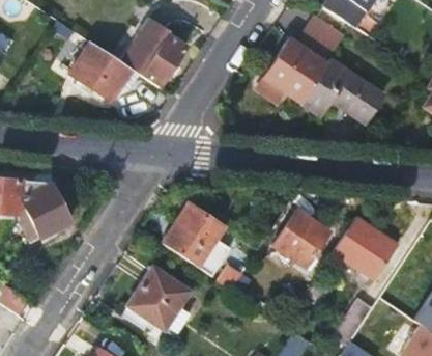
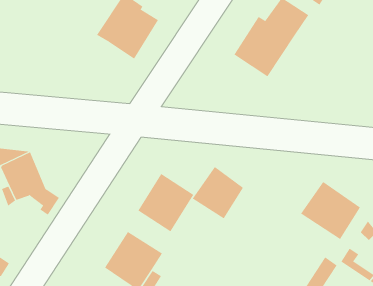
building: [69,39,133,99] -> none
building: [301,60,384,124] -> none
building: [273,211,328,267] -> [192,166,244,219]

